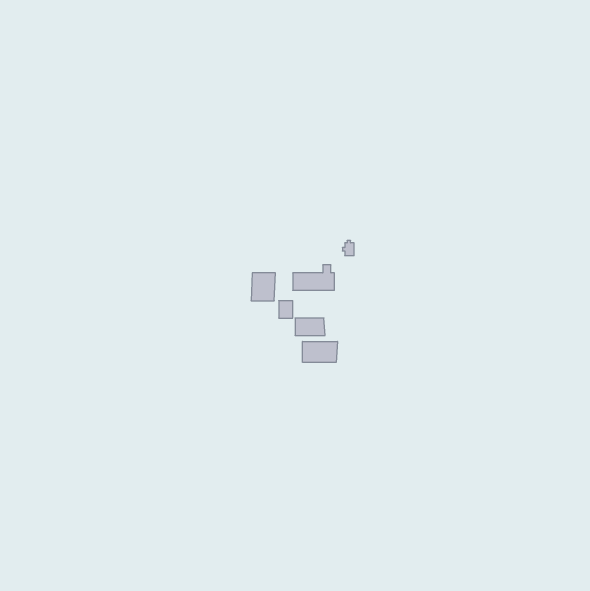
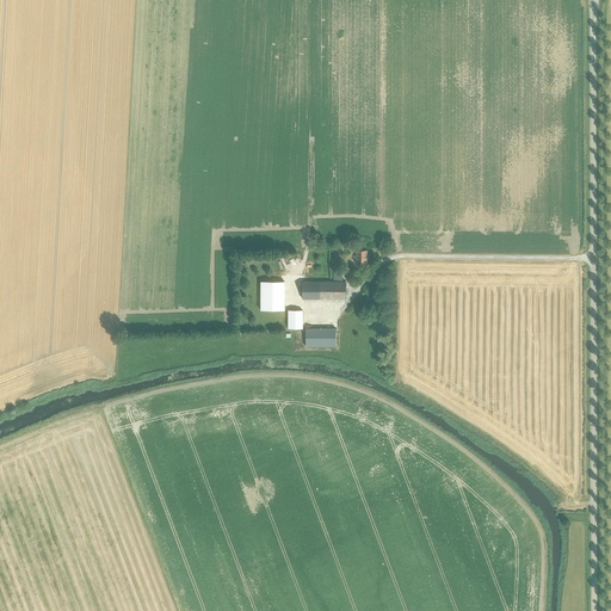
building: [303,341,337,362] -> none

